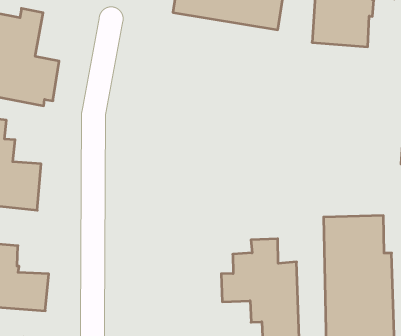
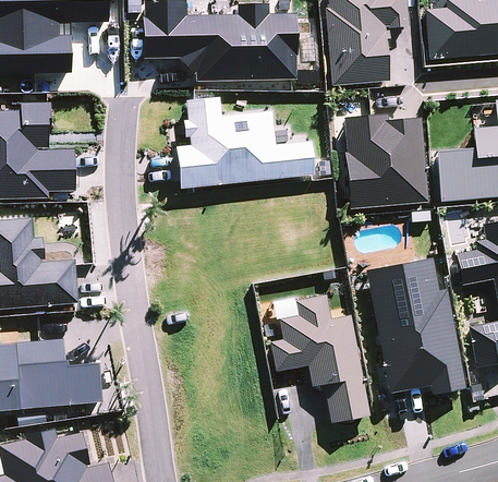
building: none -> [173,99,313,190]
building: none -> [342,116,427,210]

